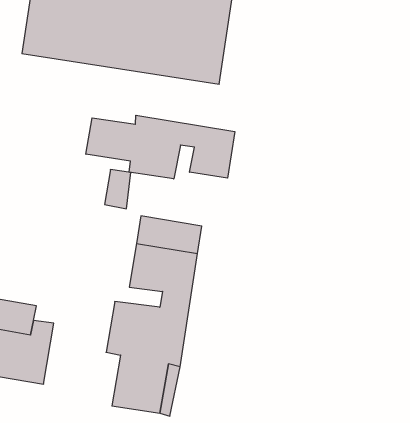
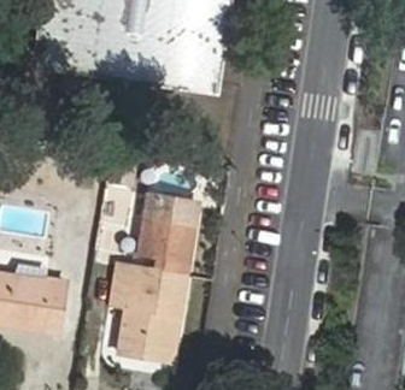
building: [86,115,235,179] -> none

